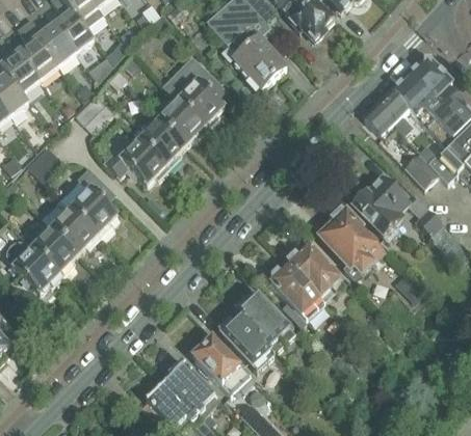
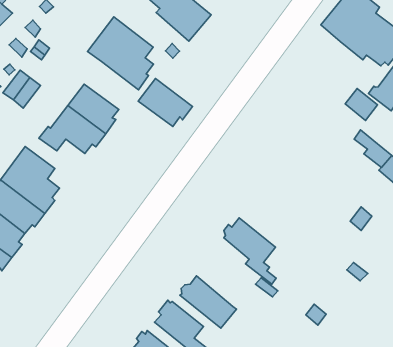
building: [365,87,409,136] -> none
building: [155,94,207,143] -> [138,78,193,126]
building: [351,174,409,238] -> none
building: [318,203,377,276] -> none
building: [287,245,340,297] -> none
building: [236,293,294,352] -> none

